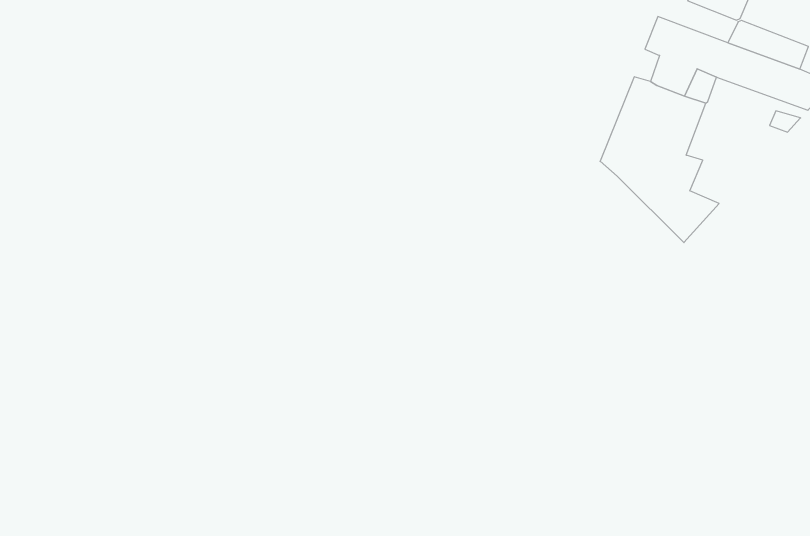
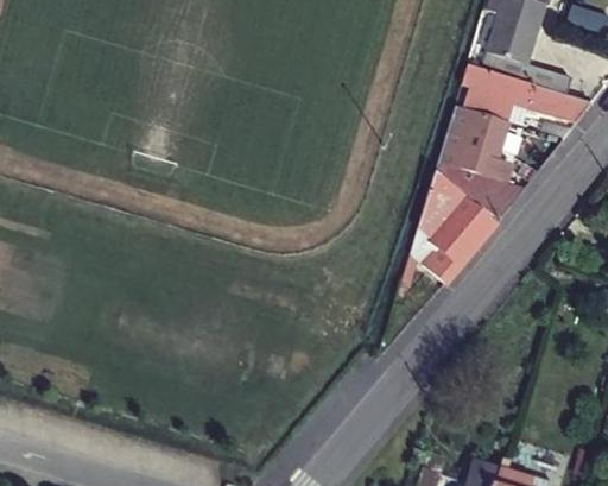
building: none -> [399,179,495,295]

